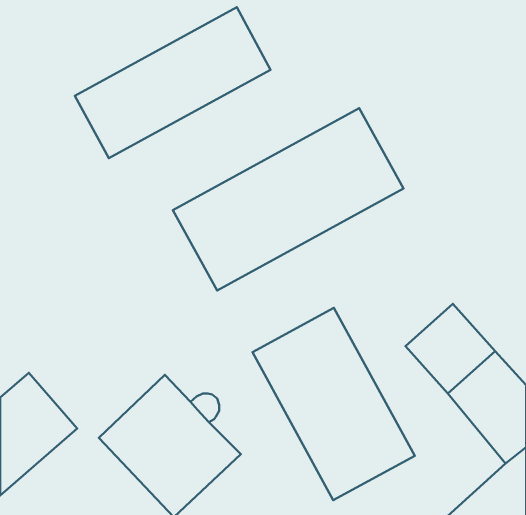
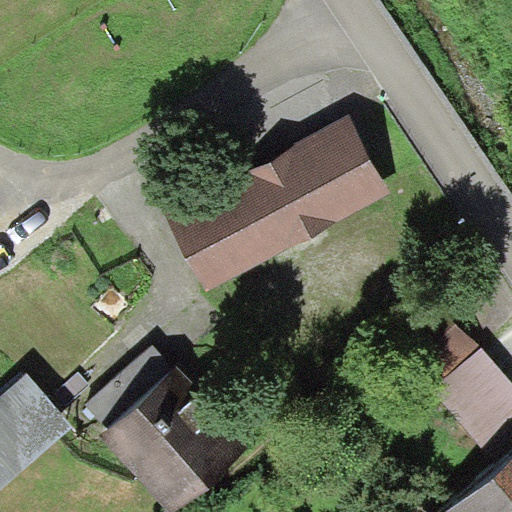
building: [75,7,271,158] -> none
building: [252,308,415,500] -> none

